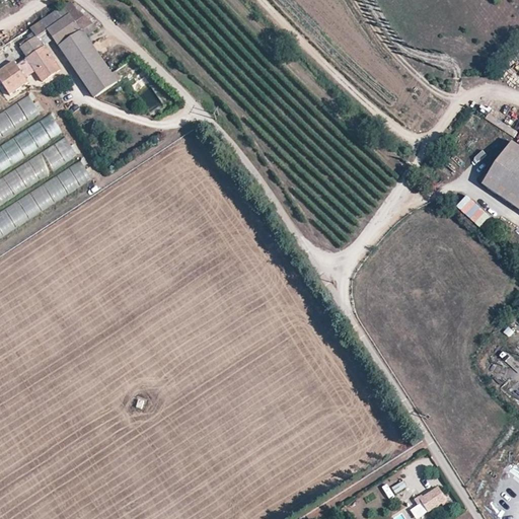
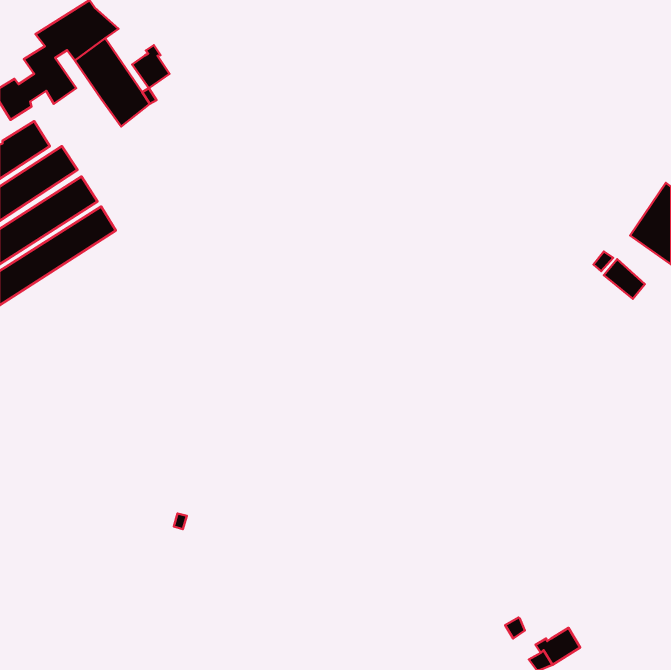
building: none -> [132,45,170,88]

